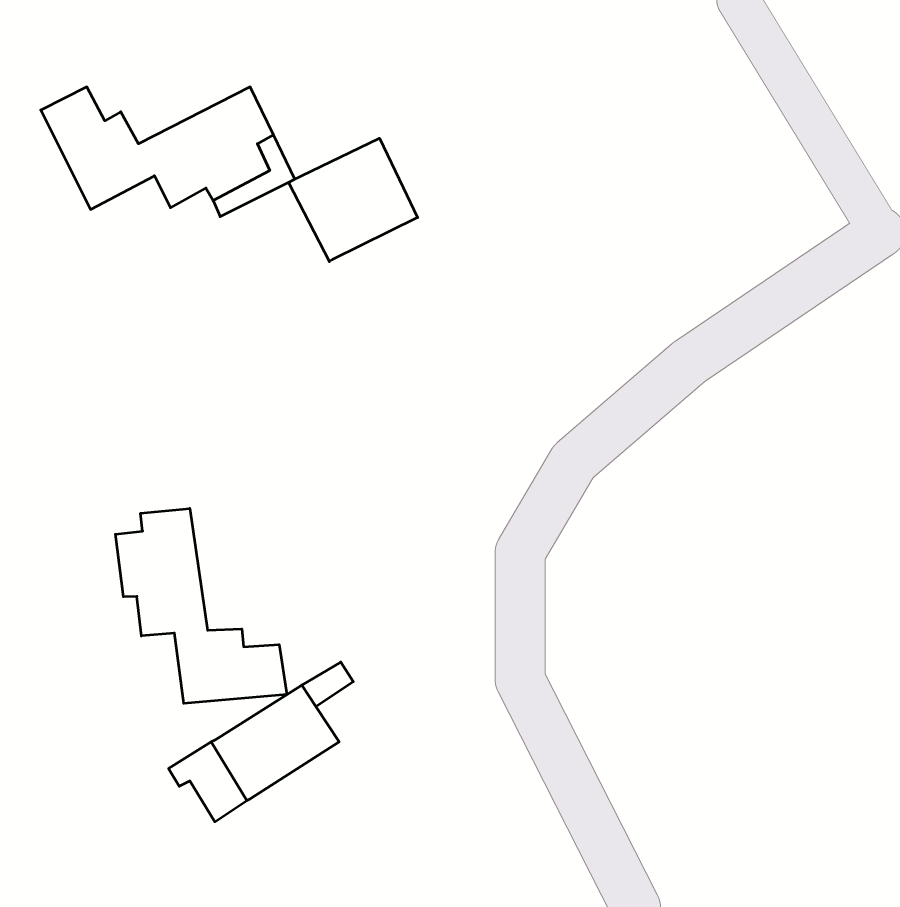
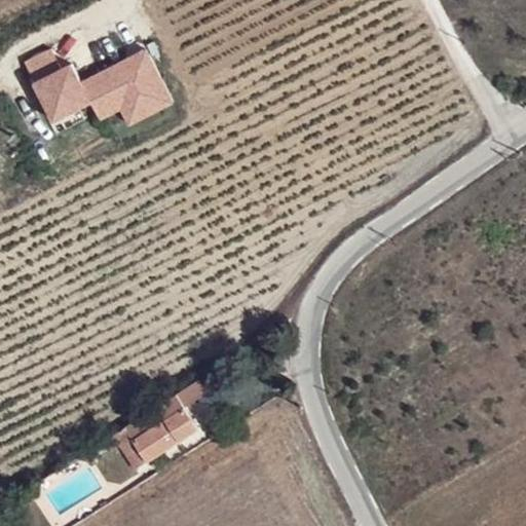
building: [289,138,418,262] -> none
building: [115,508,287,703] -> none

